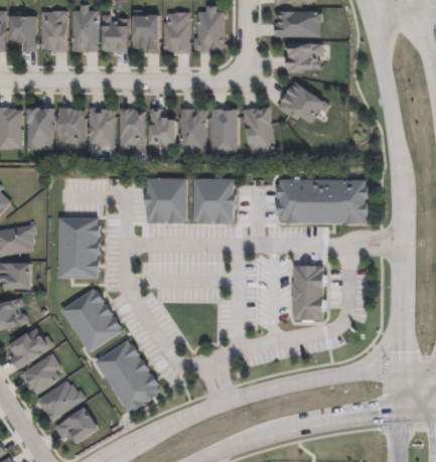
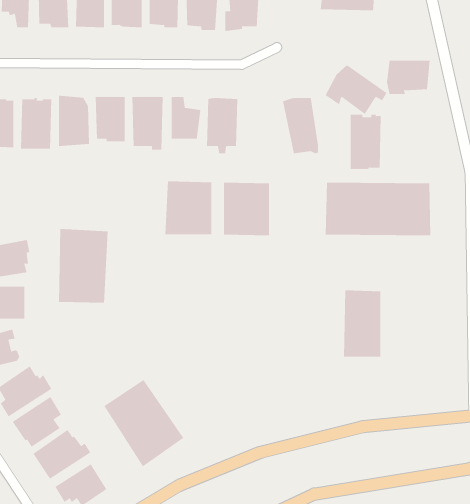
building: [286,42,322,70] -> [386,60,430,94]
building: [211,109,238,154] -> [350,114,382,169]
building: [62,287,125,351] -> none

